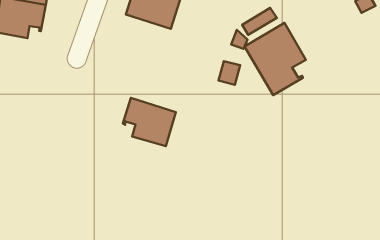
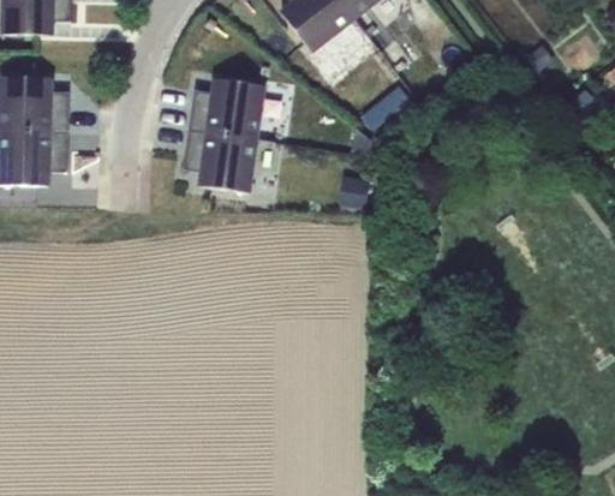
building: [244,23,306,95] -> none
building: [123,98,176,146] -> [183,129,258,192]

